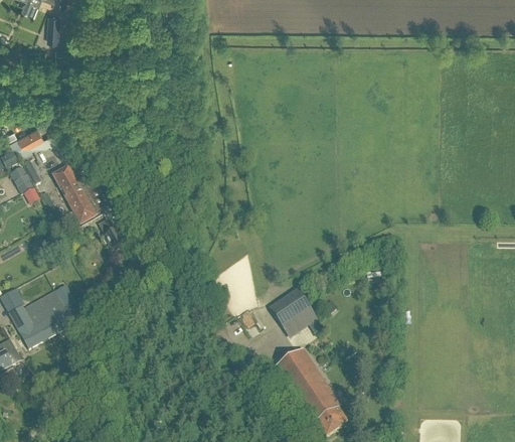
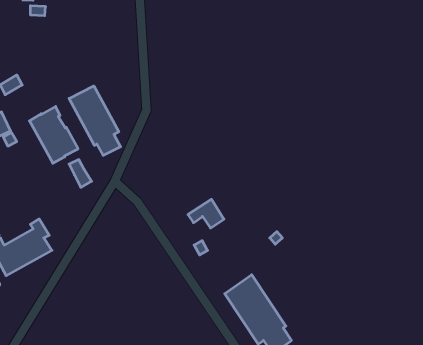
building: none -> [69,86,121,155]
building: [274,296,314,328] -> [188,199,224,228]

